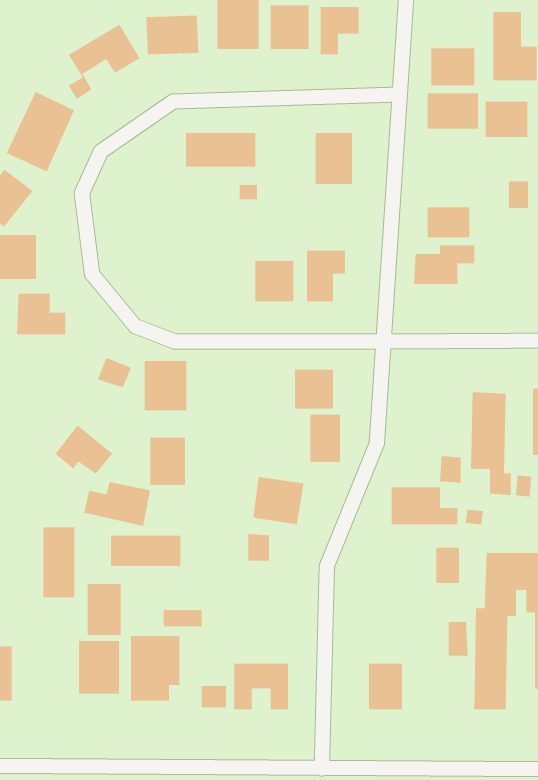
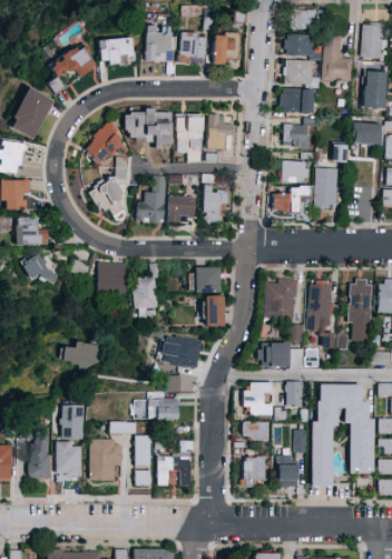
building: none -> [283,35,314,57]
building: [485,101,528,138] -> [283,124,311,147]
building: none -> [177,115,202,161]
building: none -> [84,124,124,165]
building: none -> [92,159,126,218]
building: none -> [315,168,337,208]
building: none -> [137,176,166,224]
building: none -> [264,278,296,318]
building: [55,424,113,475] -> [22,251,60,283]
building: [150,437,186,486] -> [133,278,156,310]
building: [42,527,75,598] -> [29,433,50,479]
building: [110,535,181,566] -> [133,400,178,420]
building: none -> [243,383,272,415]
building: none -> [243,422,268,441]
building: none -> [135,437,151,465]
building: none -> [277,455,298,488]

